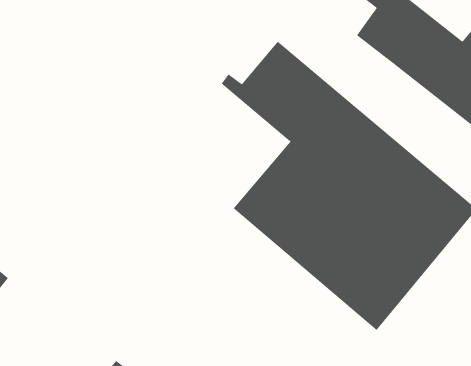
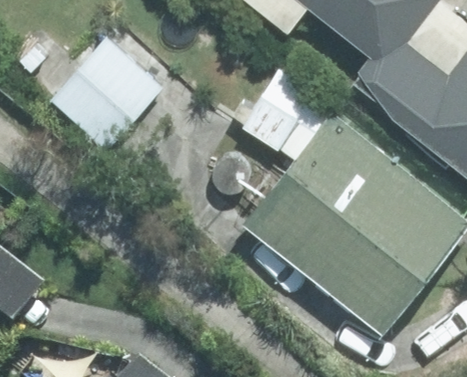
building: none -> [48,40,161,152]

